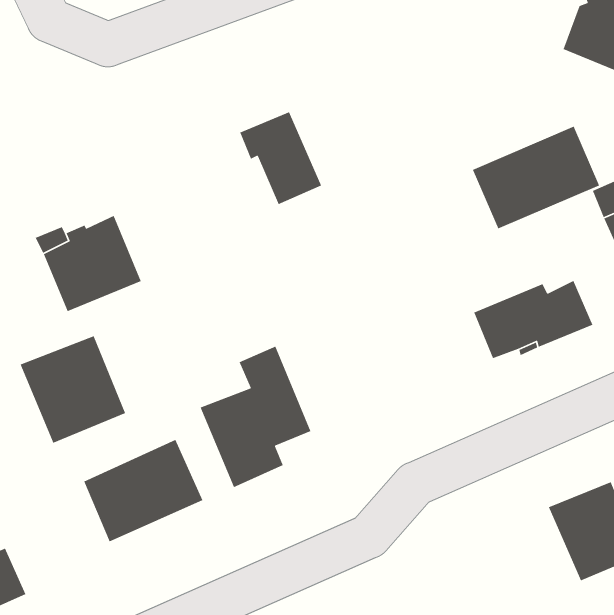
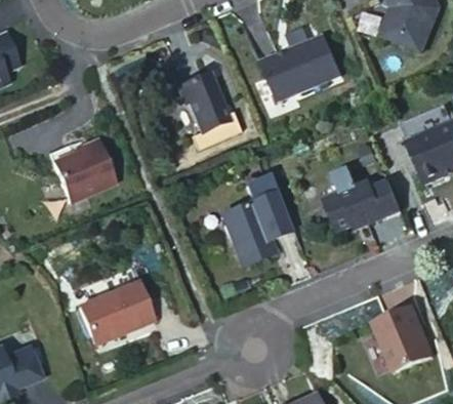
building: [472,126,600,229] -> [259,35,340,100]
building: [20,335,126,444] -> none
building: [199,346,312,488] -> [221,175,292,266]

